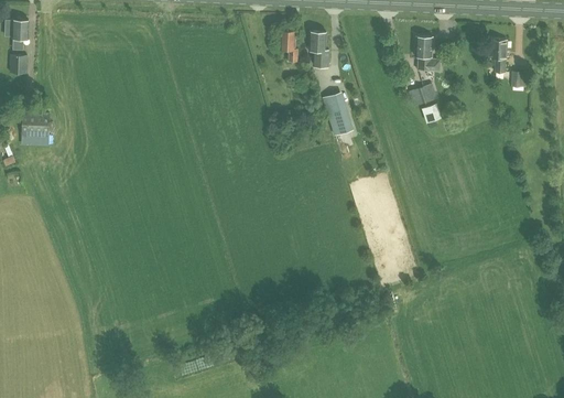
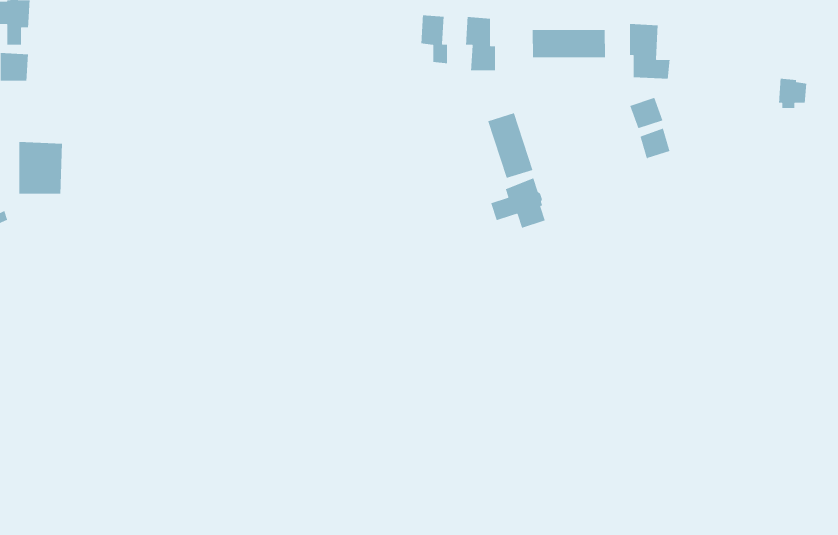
building: [490,39,506,73] -> none
building: none -> [532,29,606,58]
building: none -> [490,177,546,229]

